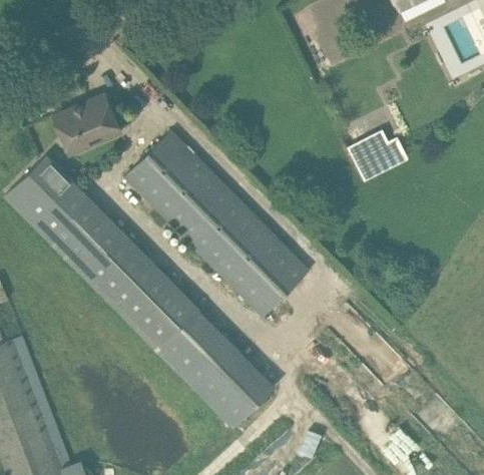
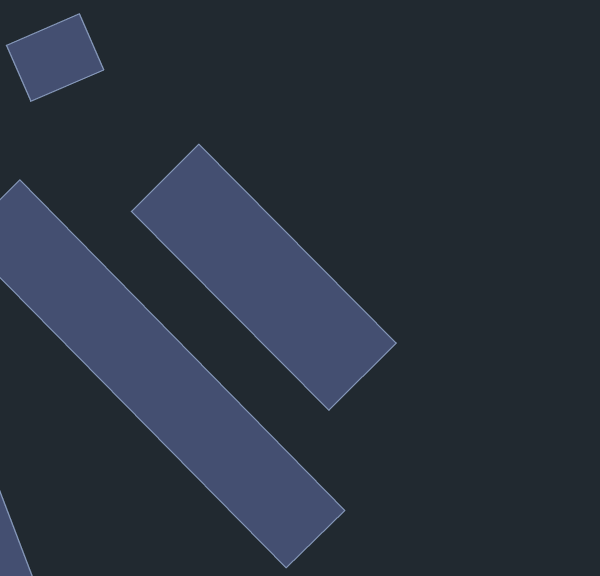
building: [52,93,120,154] -> [6,14,104,101]
building: [347,141,399,181] -> none

